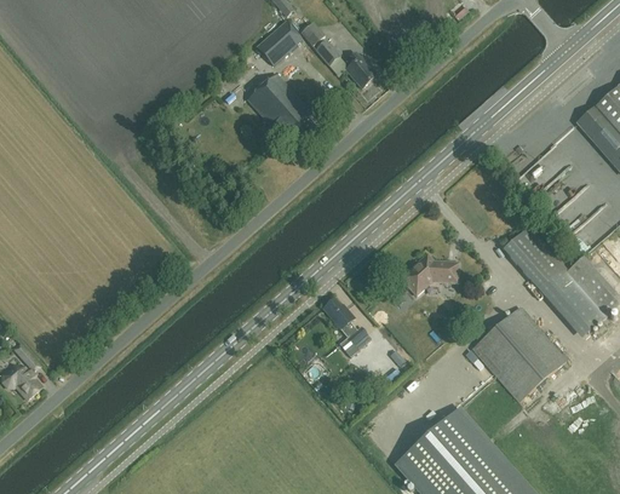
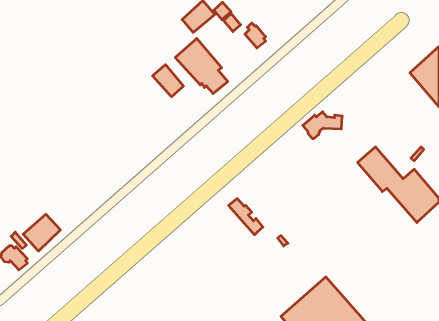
building: none -> [153,65,183,97]
building: [402,257,458,294] -> [303,112,342,138]
building: [472,306,566,401] -> none
building: none -> [23,214,60,251]

